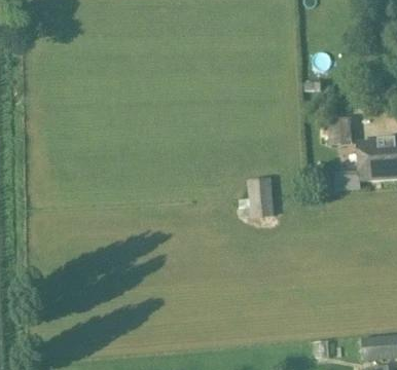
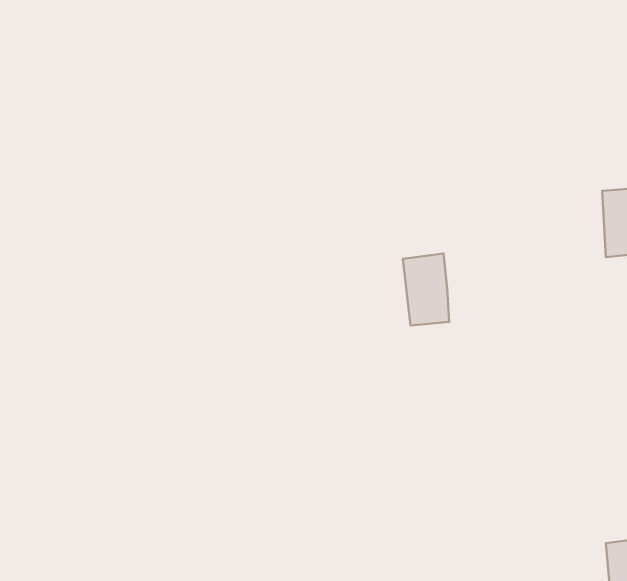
building: [331,116,354,144] -> none

